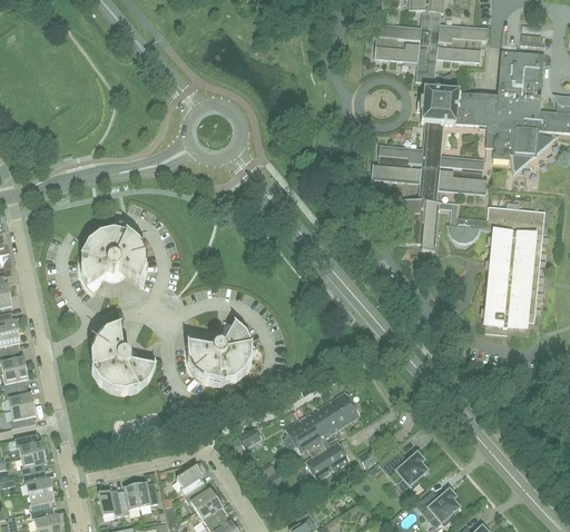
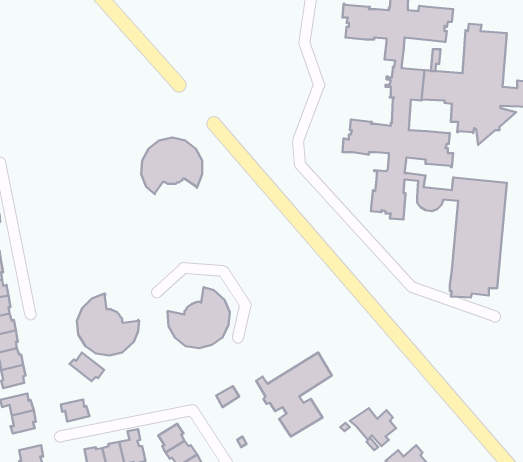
building: [80,231,145,292] -> [141,137,202,194]
building: none -> [69,352,104,381]
building: [22,470,52,493] -> [61,399,89,421]

